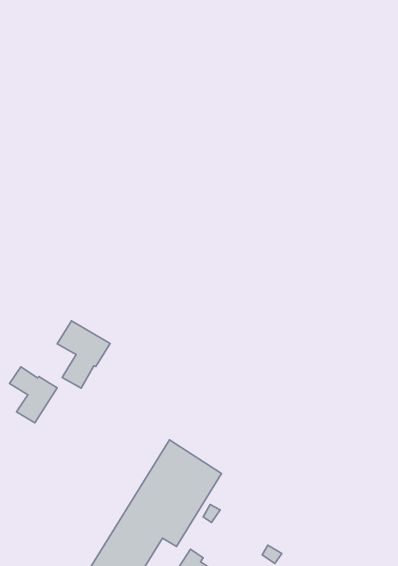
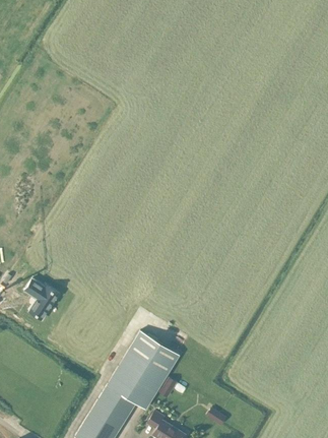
building: [57,321,110,388] -> none

